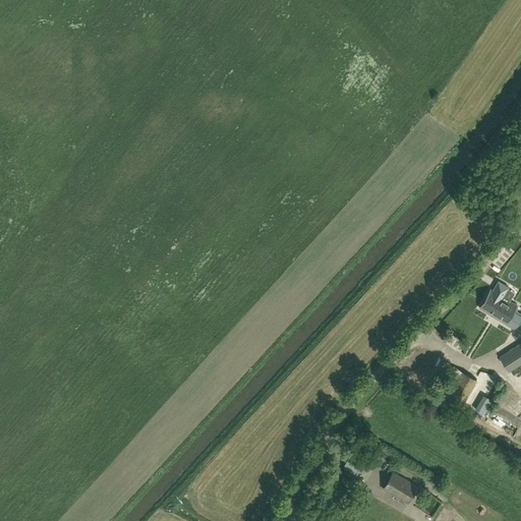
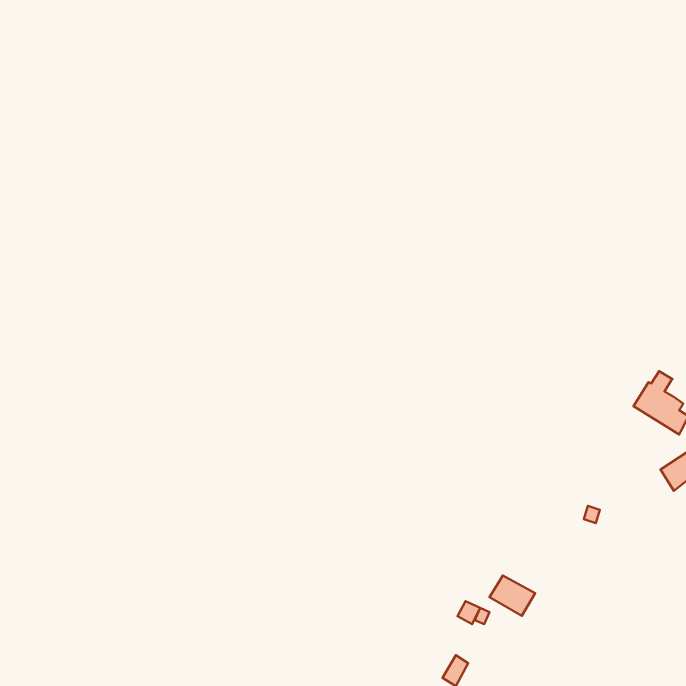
building: [384,473,418,504] -> [489,576,535,616]

